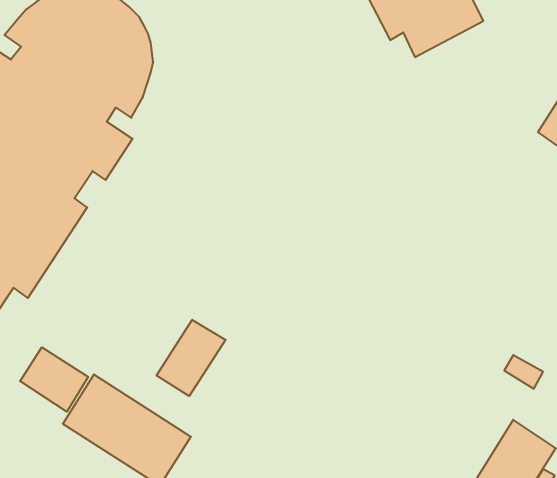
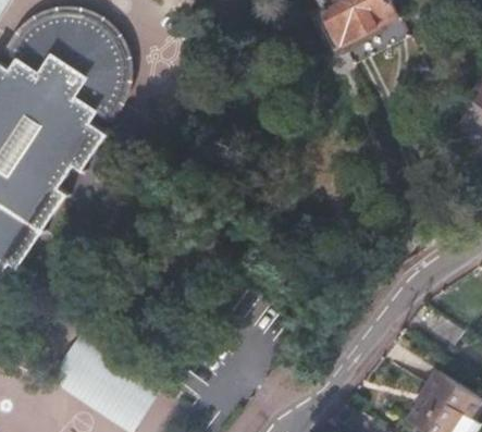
building: [157,320,226,396] -> none
building: [20,347,88,412] -> none

